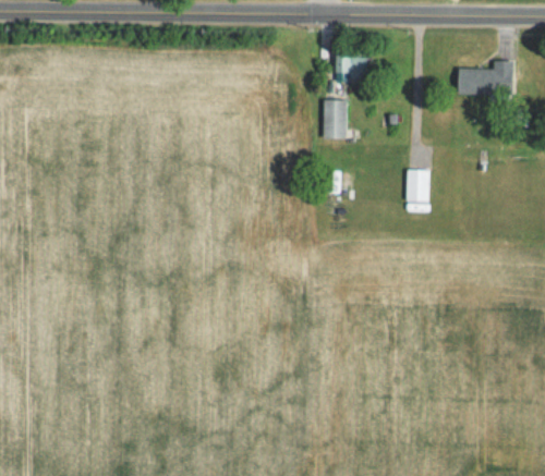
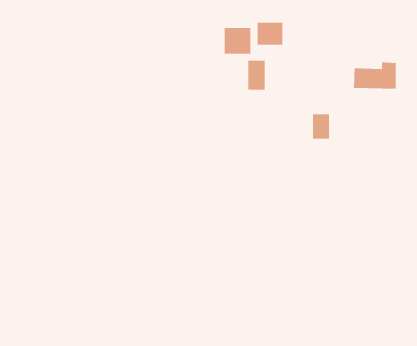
building: none -> [224,27,251,55]
building: [458,61,513,96] -> [353,62,396,89]

